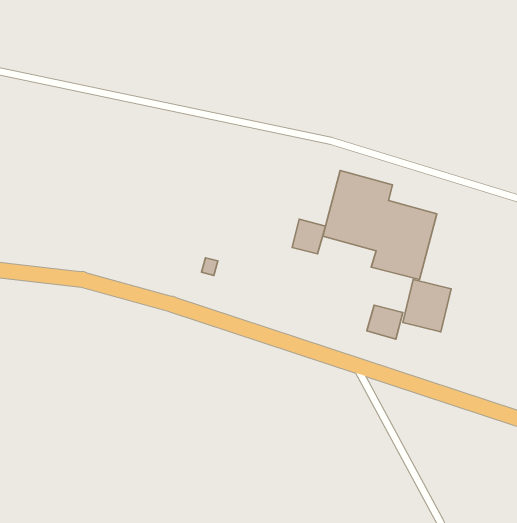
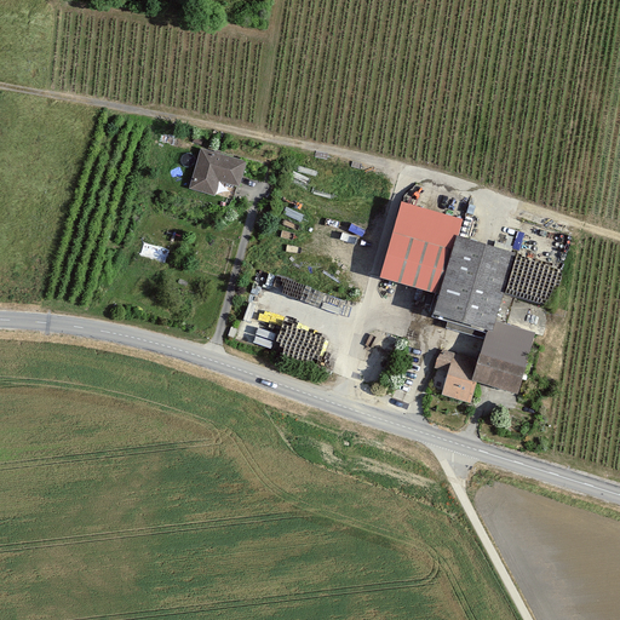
building: none -> [186,148,242,194]
building: [292,219,325,254] -> none

